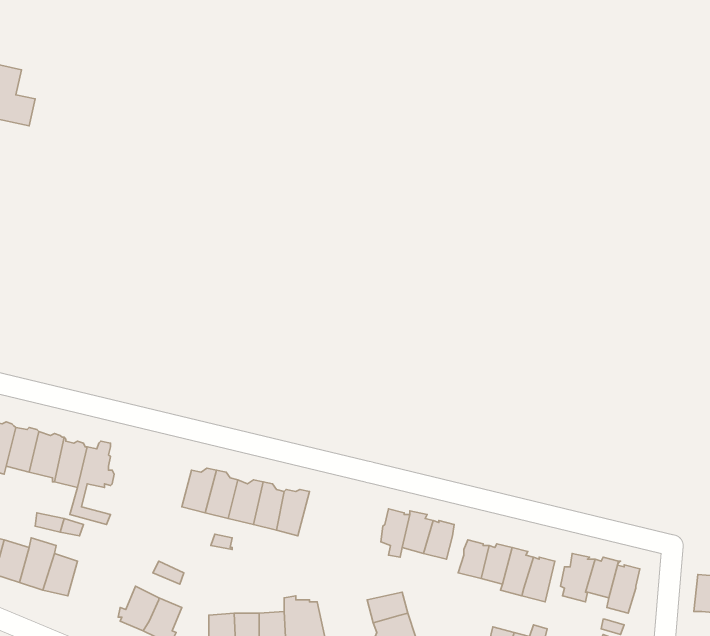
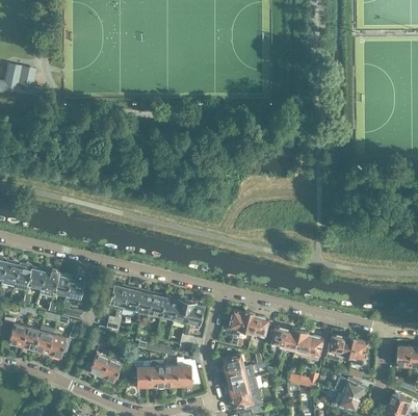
building: none -> [109,286,128,324]
building: none -> [182,301,205,341]

